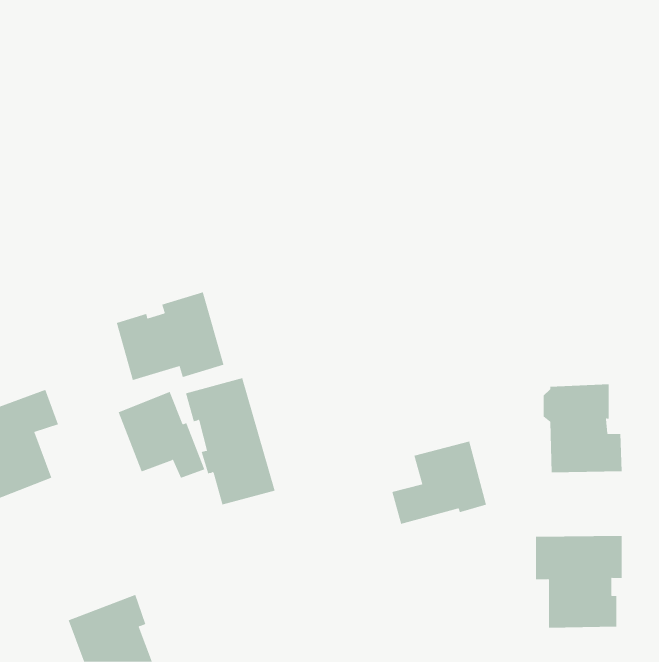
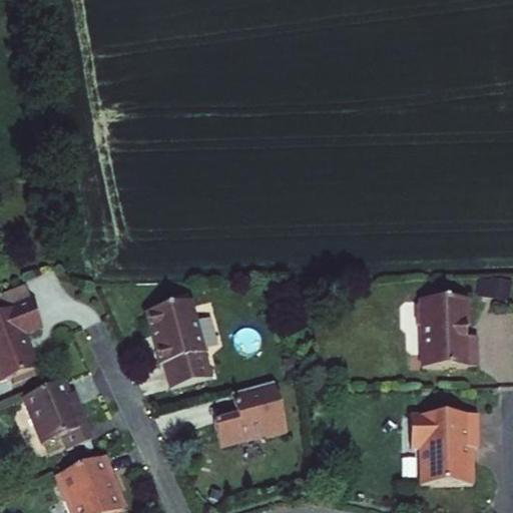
building: [116,291,224,381] -> none
building: [118,391,205,479] -> [26,380,93,447]
building: [391,441,487,525] -> [213,381,287,445]

